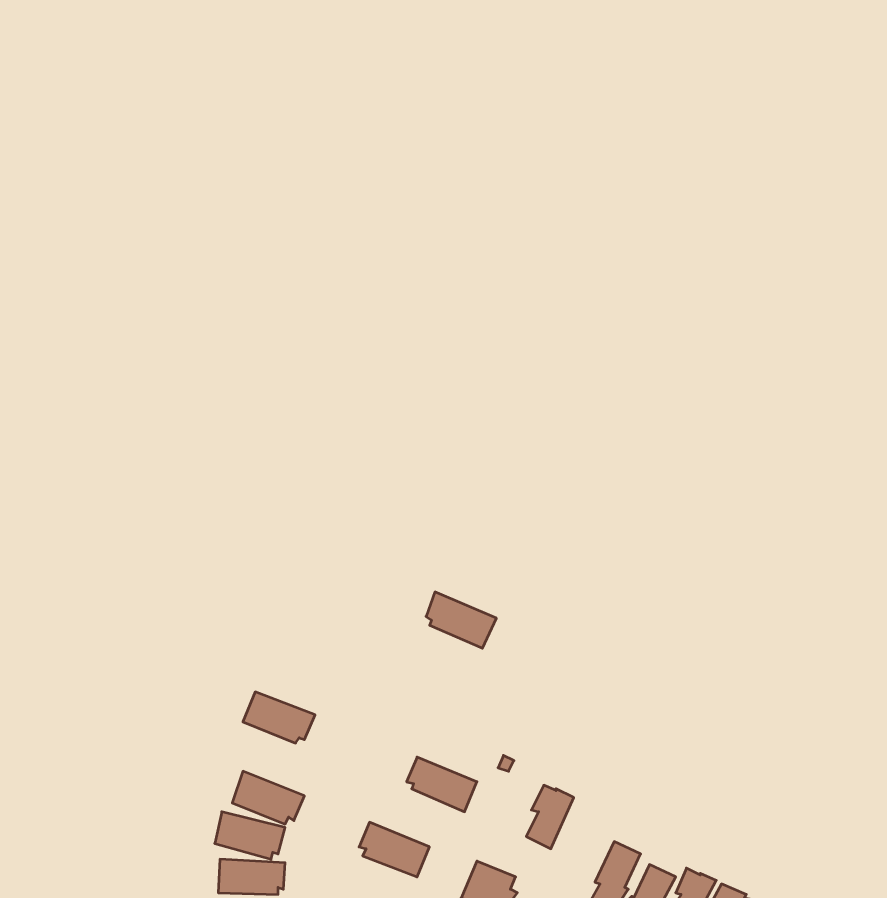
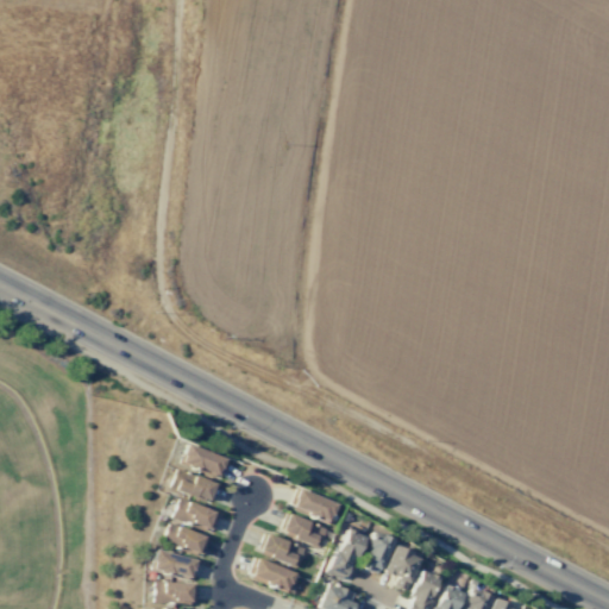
building: [426,592,496,648] -> [294,488,341,526]
building: none -> [182,444,231,479]
building: none -> [175,497,224,533]
building: none -> [327,529,368,580]
building: none -> [260,533,308,570]
building: none -> [385,546,421,591]

